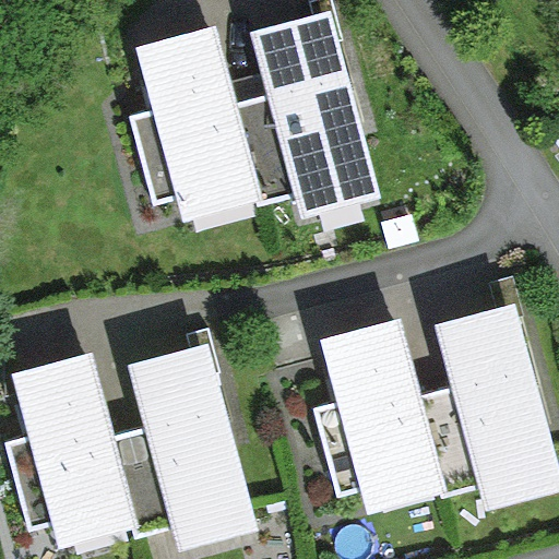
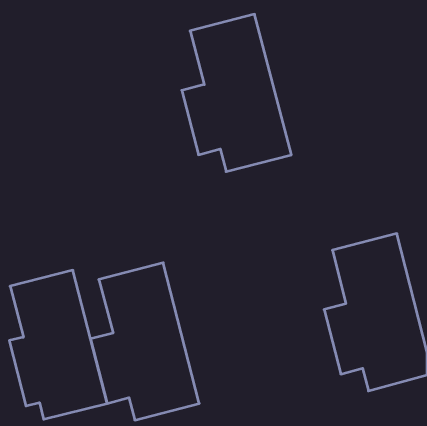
building: [131,28,259,223] -> none
building: [316,314,444,509] -> none

